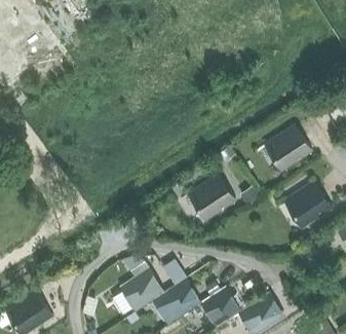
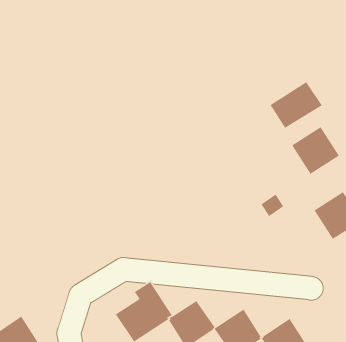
building: none -> [269,81,323,129]
building: [191,177,233,219] -> none

